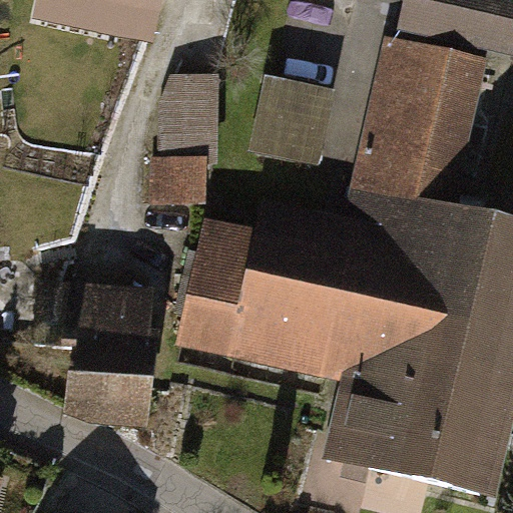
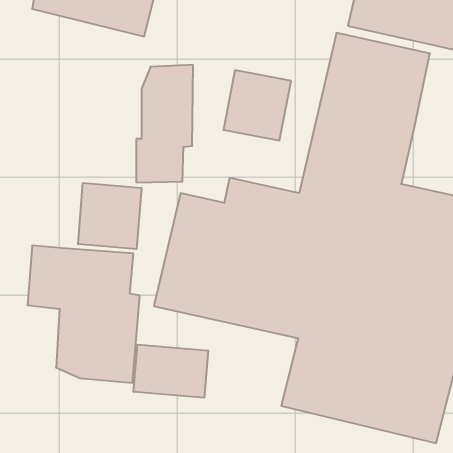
building: none -> [78,183,141,249]
building: none -> [134,345,208,398]

